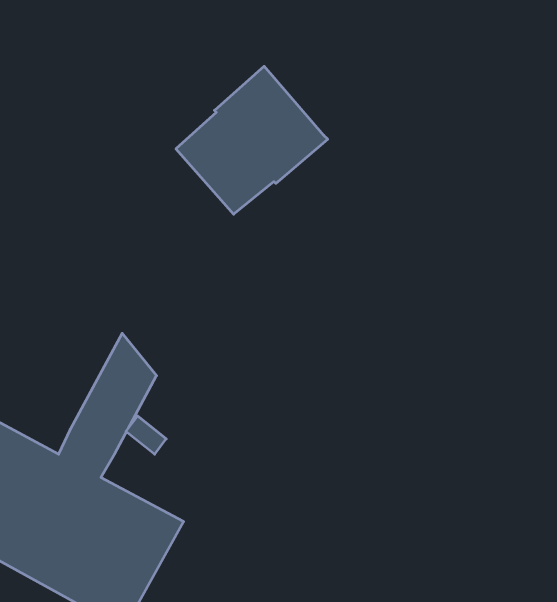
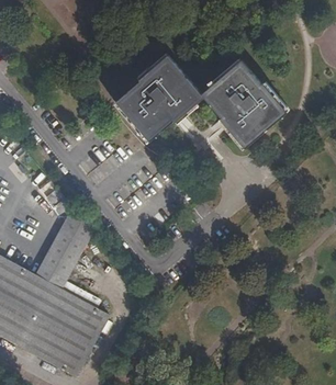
building: none -> [188,60,275,148]

